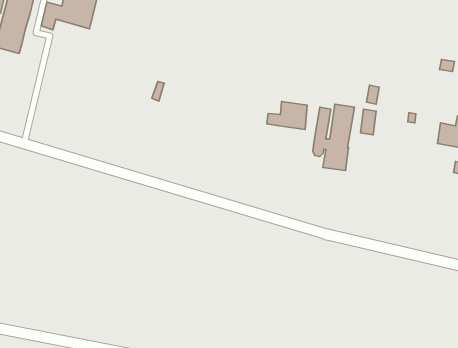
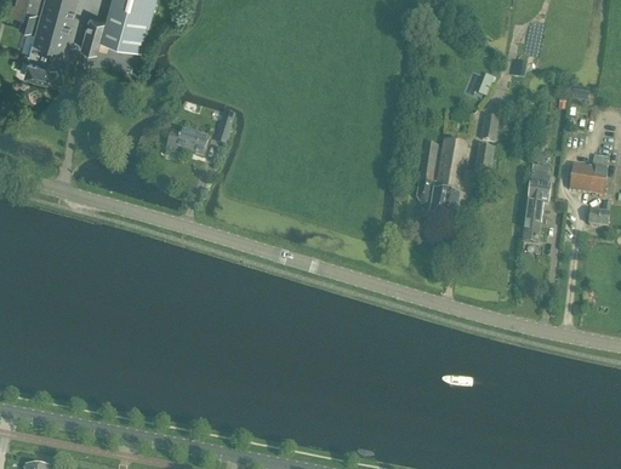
building: none -> [167,128,207,154]
building: [267,102,307,129] -> none
building: none -> [523,171,551,245]

